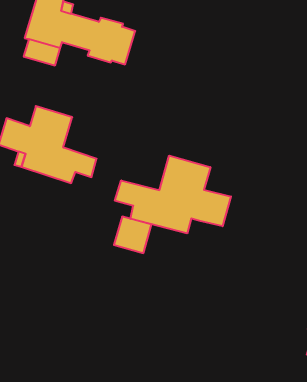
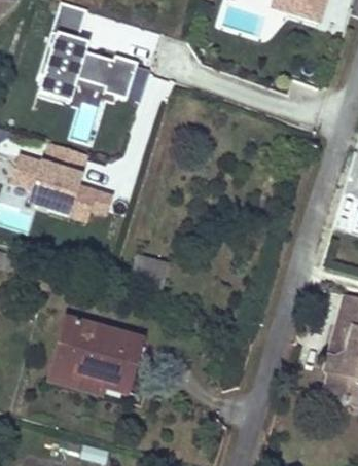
building: [115,156,231,233] -> none
building: none -> [48,319,139,391]

